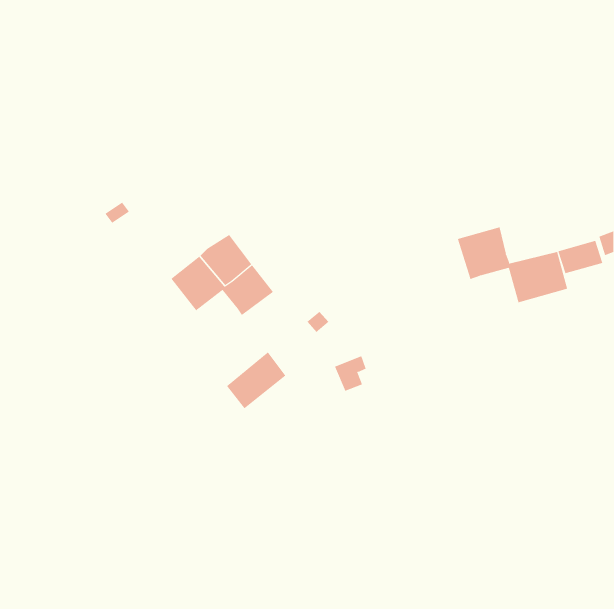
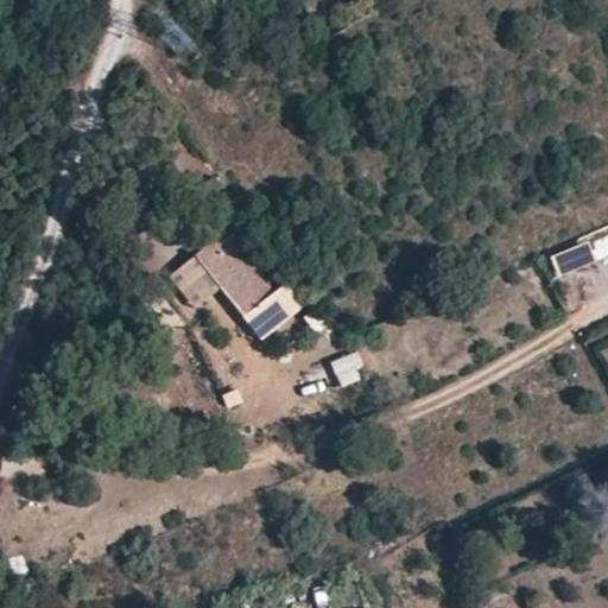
building: [457,227,568,303] -> none
building: [226,351,286,409] -> [242,284,302,341]

